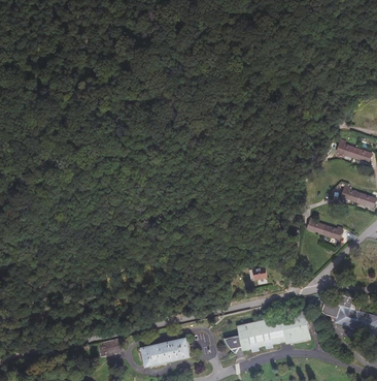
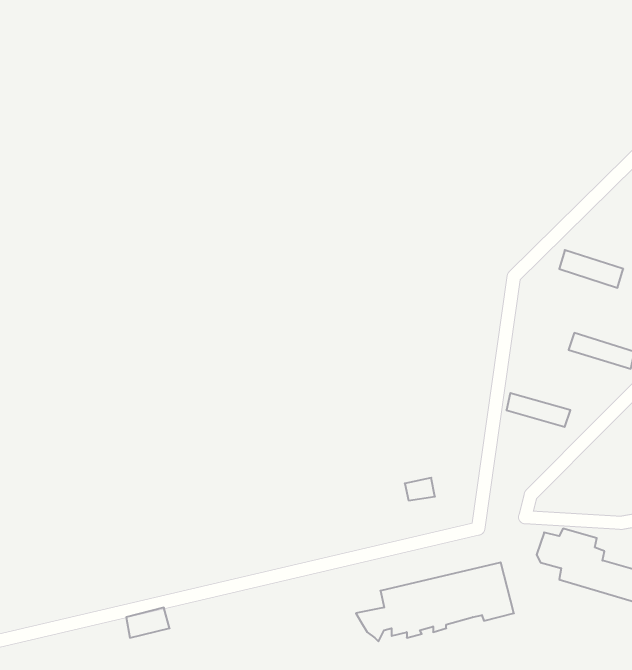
building: [135,337,190,364] -> none

